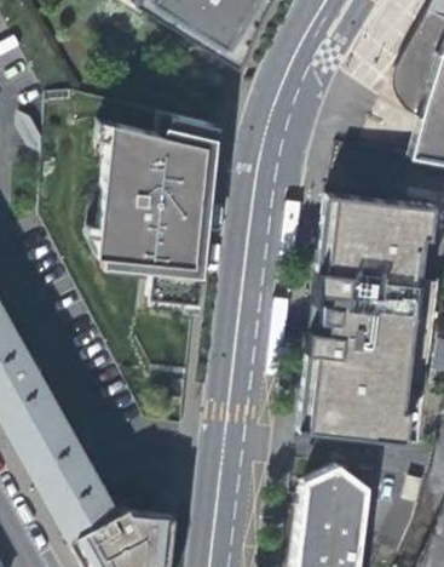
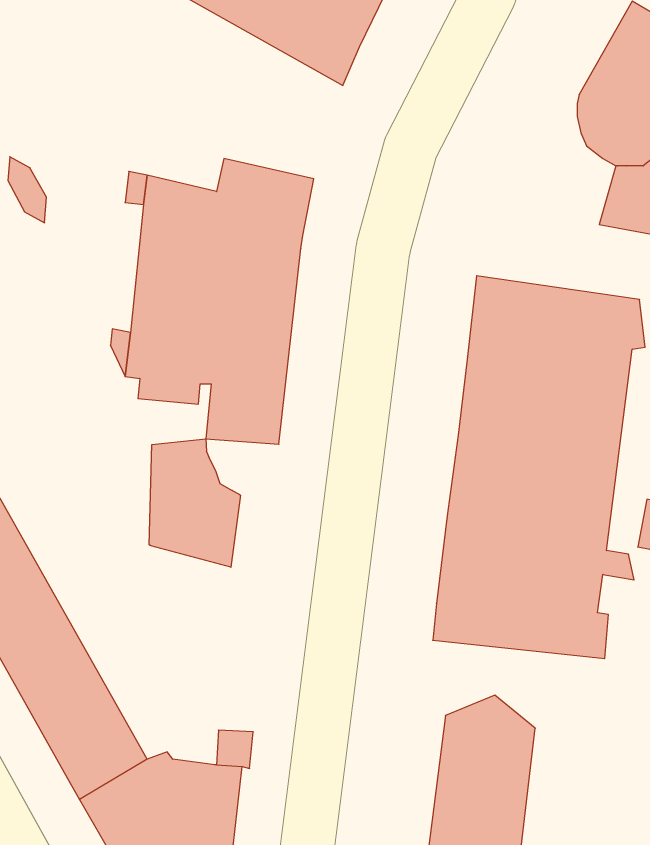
building: none -> [149,439,240,567]

